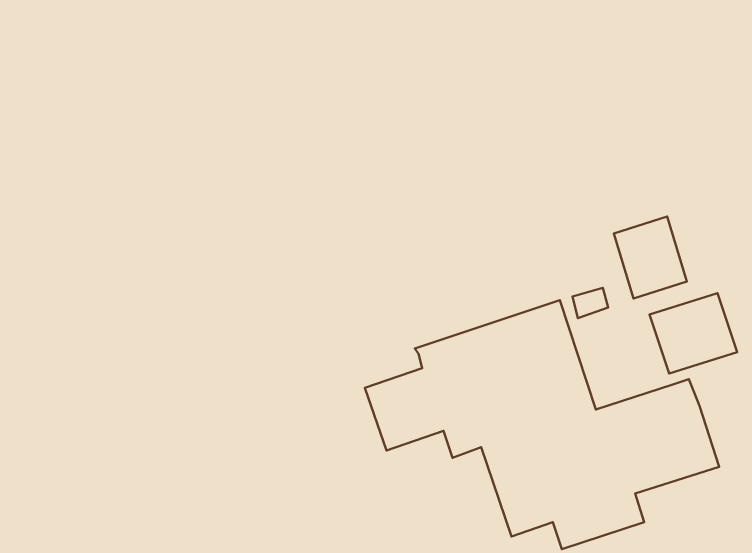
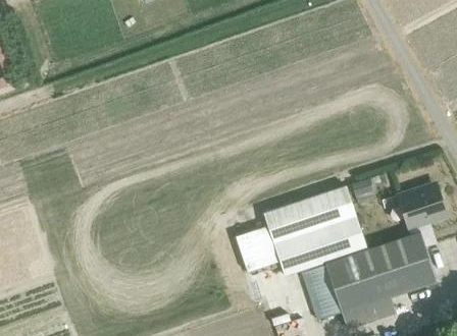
building: [614,217,687,298] -> none

